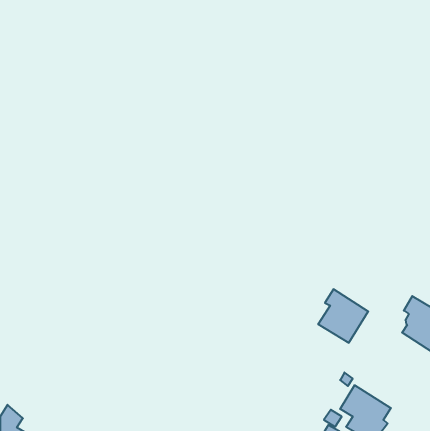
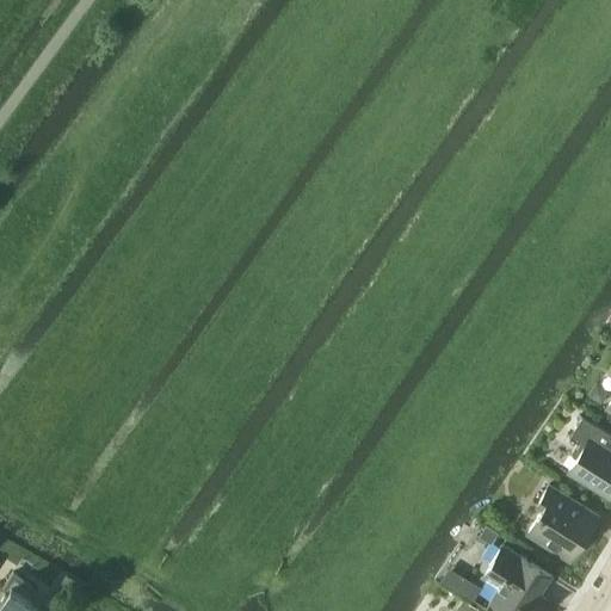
building: [318,289,368,343] -> [531,487,601,562]

